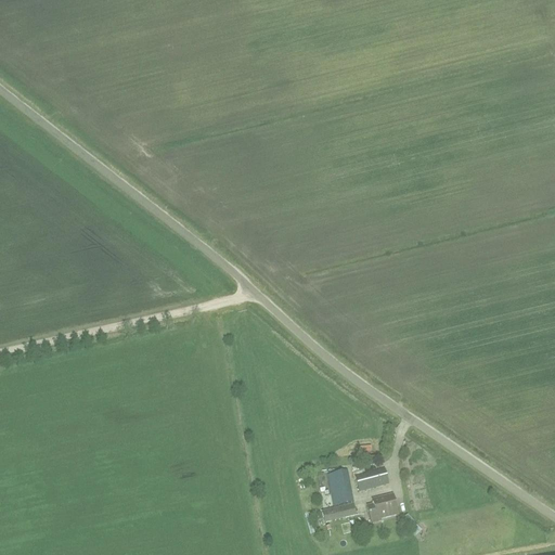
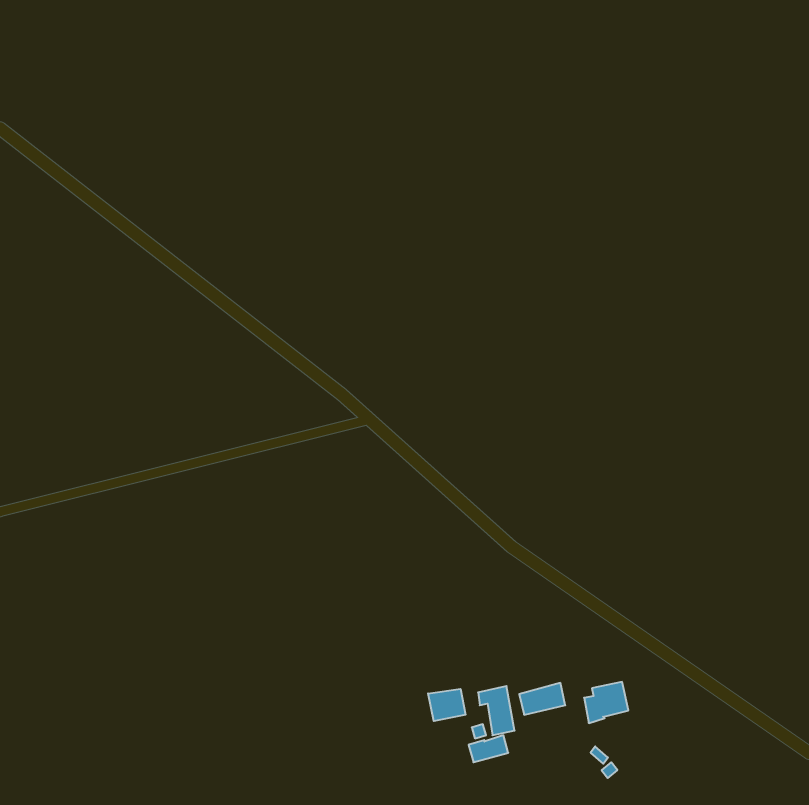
building: none -> [428,689,466,721]
building: [366,492,397,520] -> [584,682,628,723]

